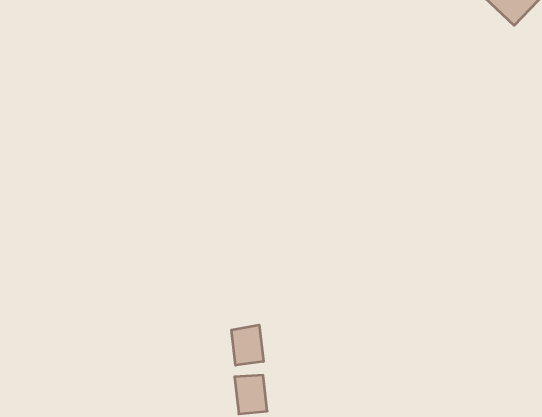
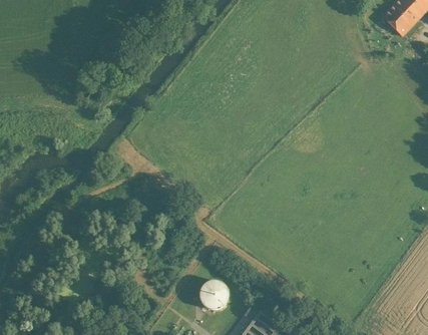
building: [232,325,263,365] -> none

